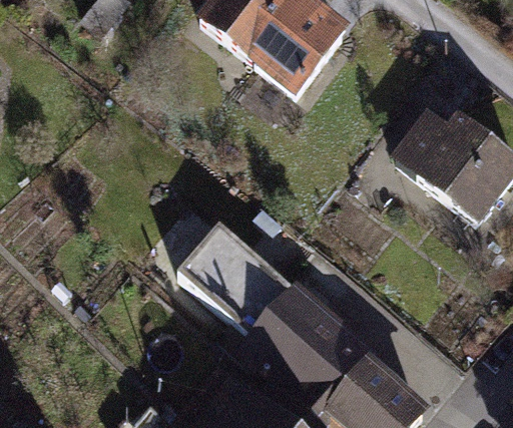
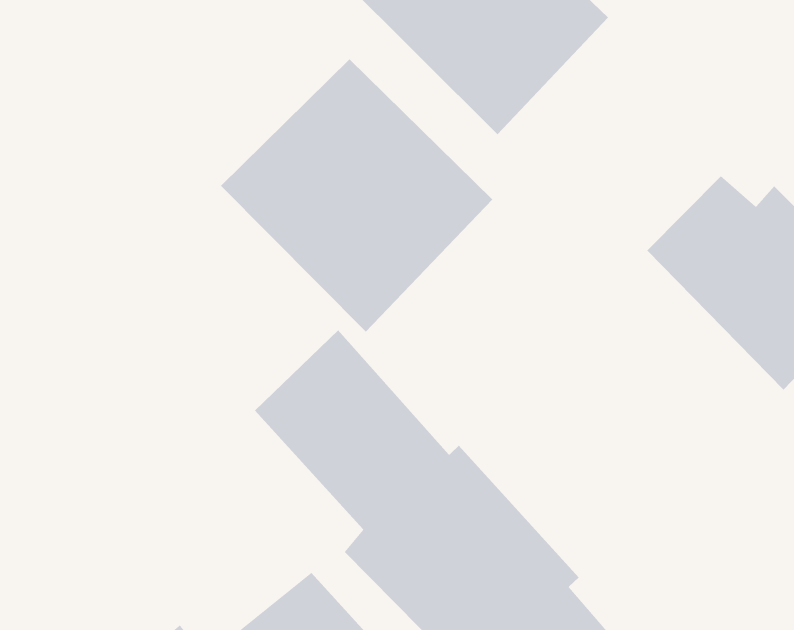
building: none -> [220,59,493,333]

